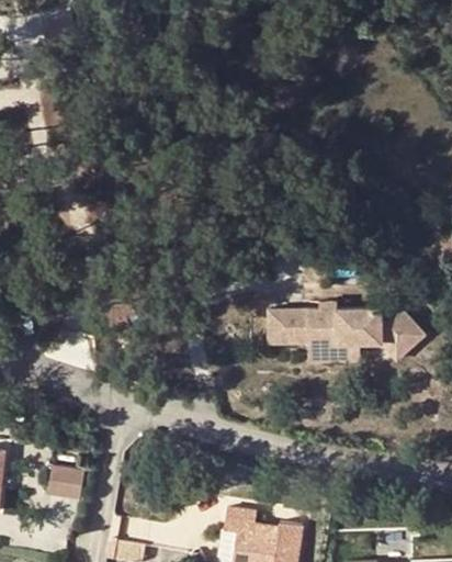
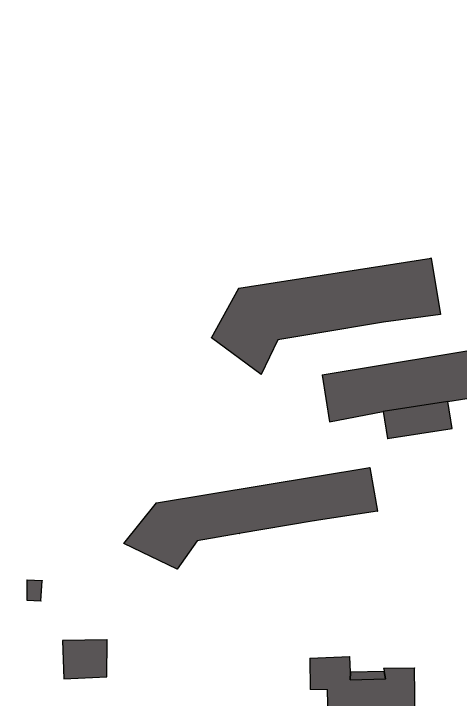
building: none -> [211,258,440,374]
building: none -> [124,468,377,569]

